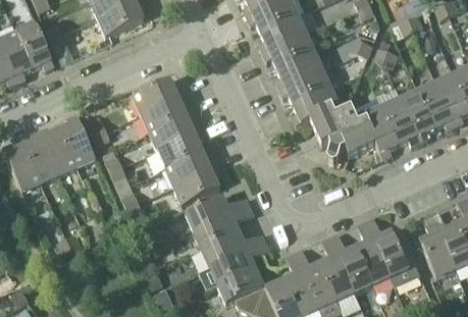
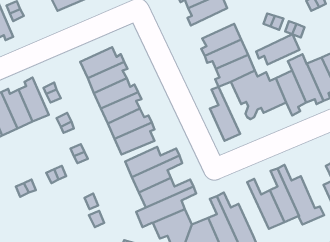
building: [263,33,314,68] -> [256,34,300,65]
building: [319,237,355,301] -> [210,87,240,141]

